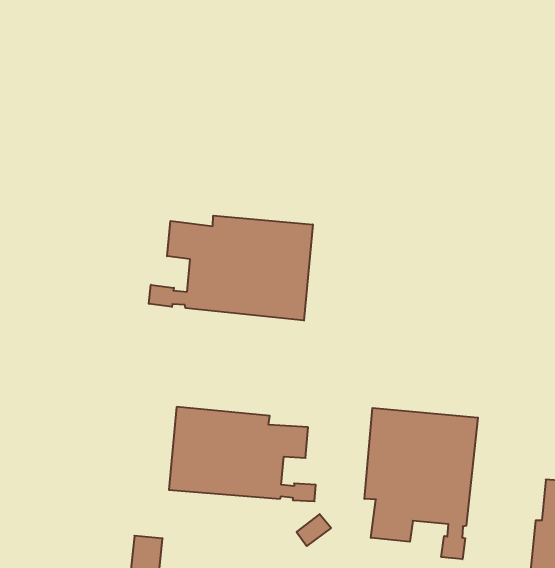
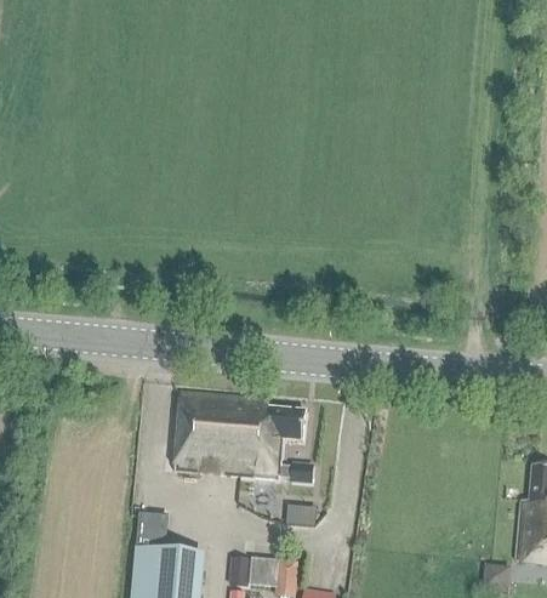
building: [149,216,313,321] -> none
building: [364,408,478,559] -> none

